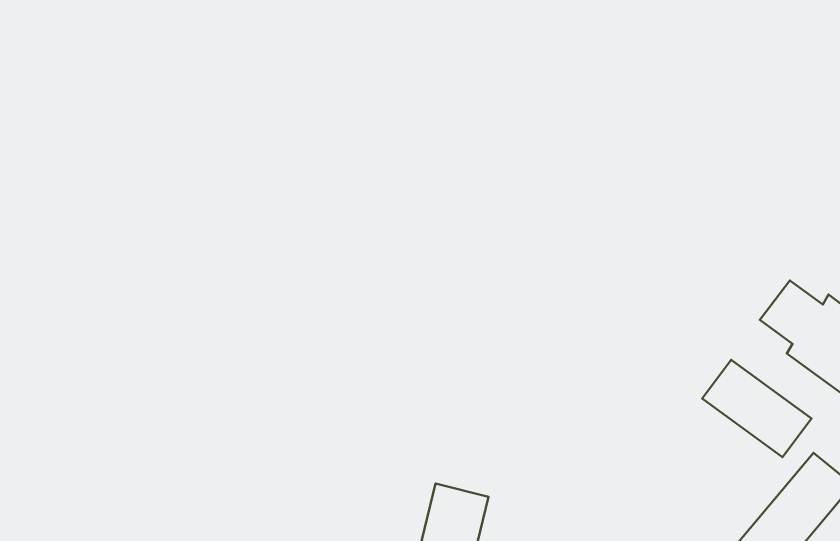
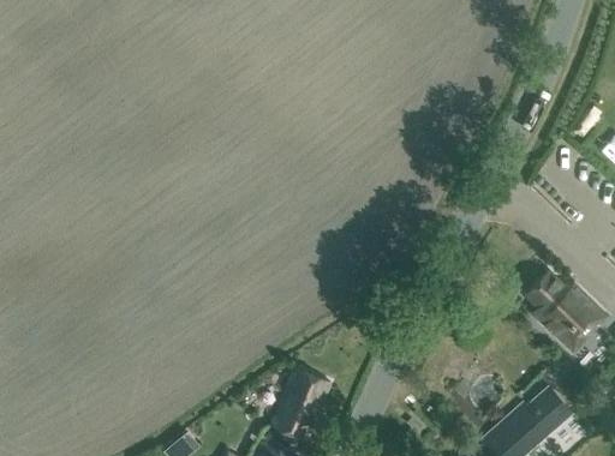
building: [702,360,812,457] -> none

